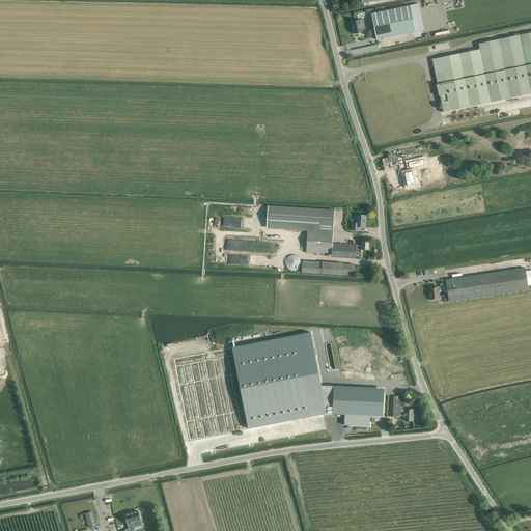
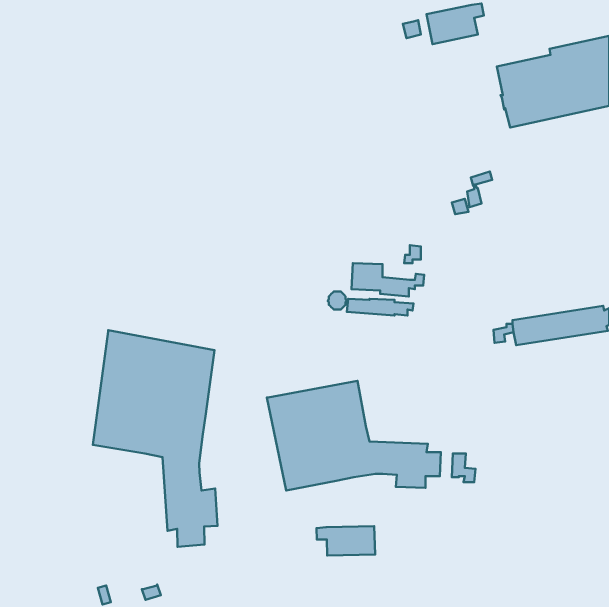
building: [267,205,335,230] -> none
building: none -> [93,330,218,547]
building: none -> [316,526,375,555]

